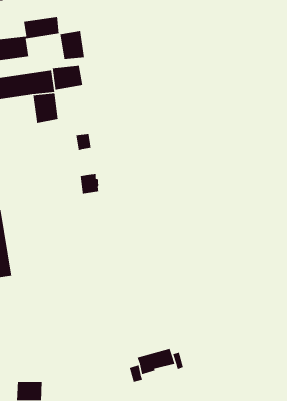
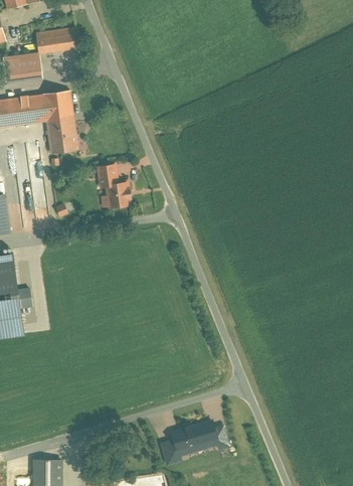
building: [59,30,85,60] -> none
building: [52,65,83,90] -> none
building: [79,173,99,194] -> [108,182,132,207]

